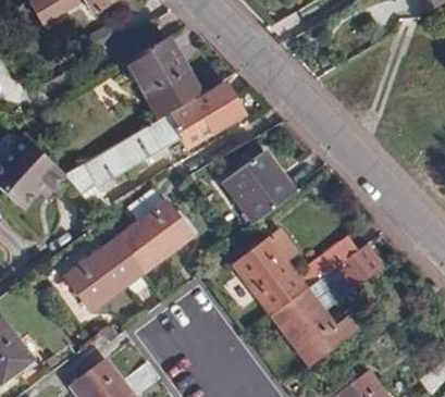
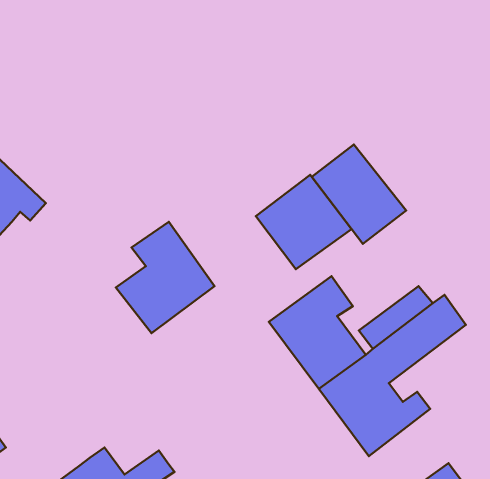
building: [125,37,191,99] -> none
building: [65,82,240,211] -> none
building: none -> [312,144,406,244]
building: [65,237,144,310] -> none

